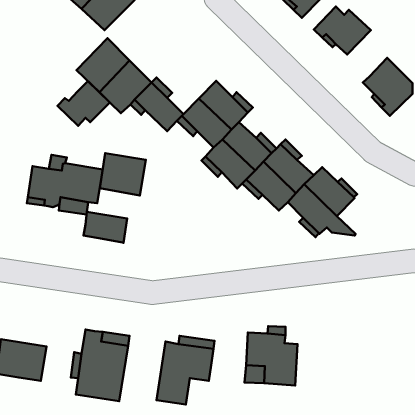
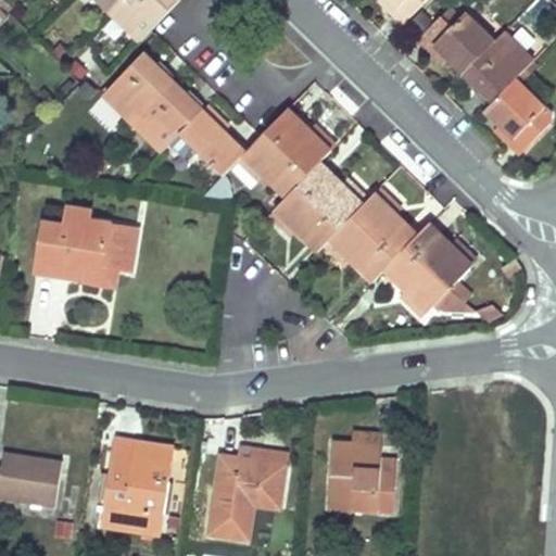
building: none -> [463,30,533,102]
building: [58,81,110,126] -> none
building: [100,153,146,196] -> none
building: [84,212,127,243] -> none

